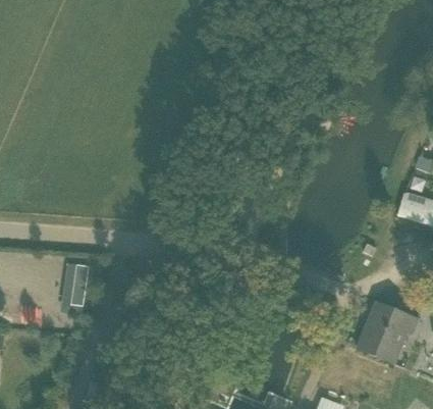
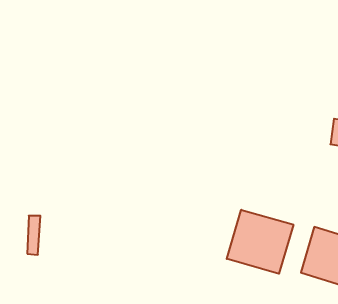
building: none -> [227,210,293,274]

